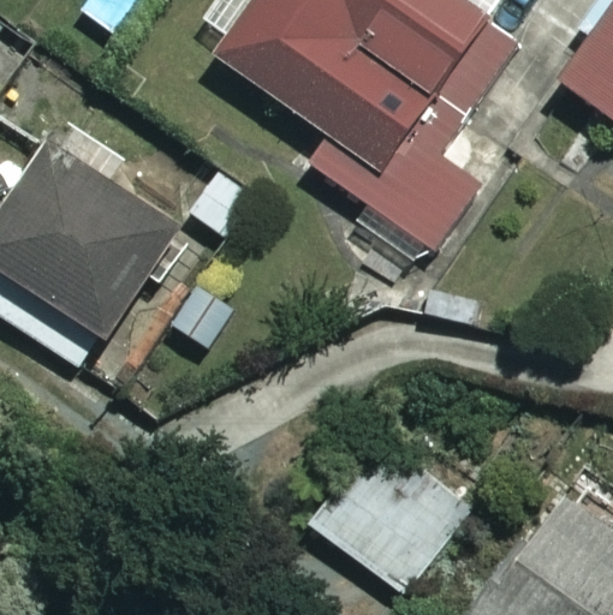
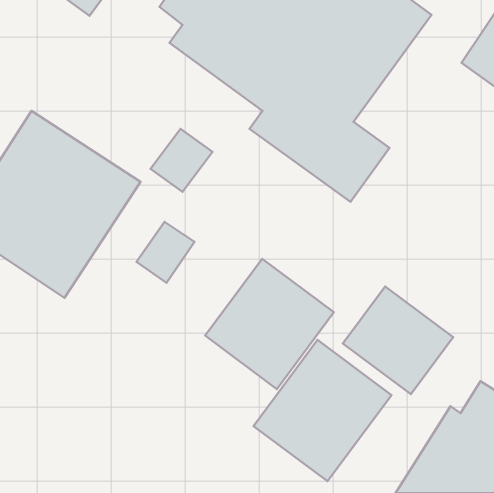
building: none -> [205,259,334,389]
building: none -> [343,286,453,394]

